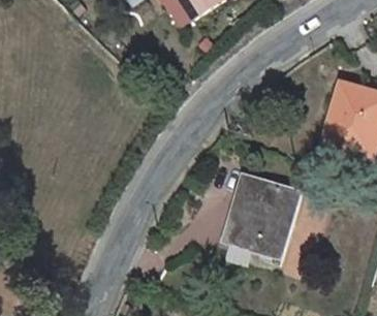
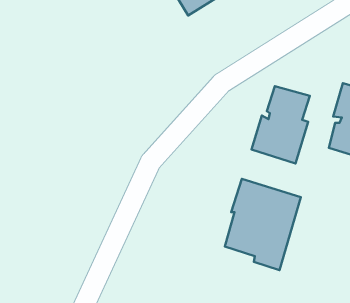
building: none -> [251,86,310,163]

